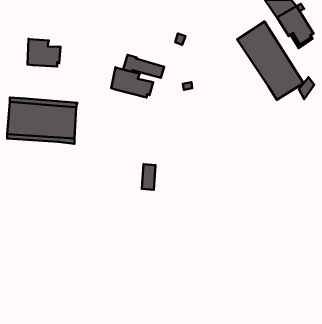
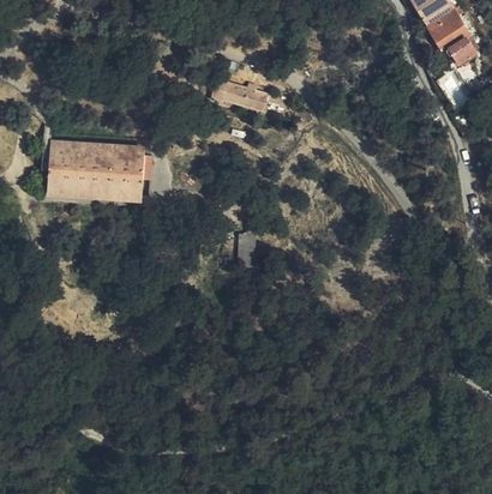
building: [237,22,304,100] -> none
building: [27,39,61,67] -> none
building: [111,67,153,98] -> none

